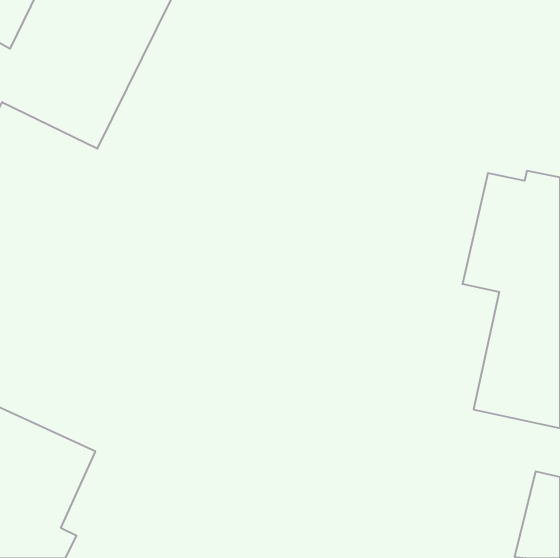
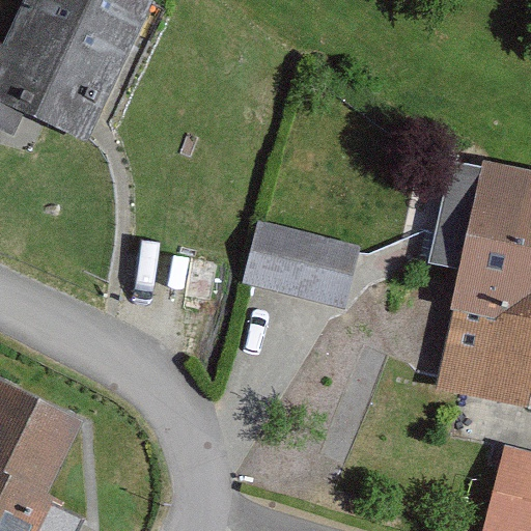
building: none -> [243,225,360,311]

